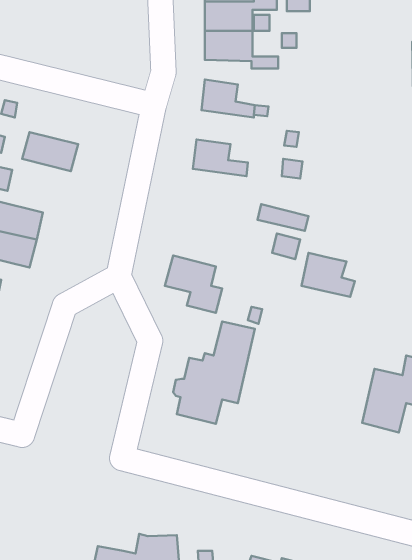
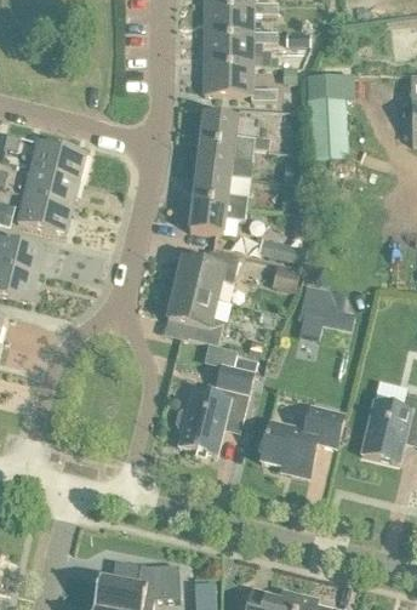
building: none -> [305,74,354,142]
building: none -> [30,137,85,177]
building: none -> [196,143,253,177]
building: none -> [16,192,72,232]
building: none -> [189,201,246,235]
building: none -> [173,250,238,298]
building: none -> [258,406,343,478]

